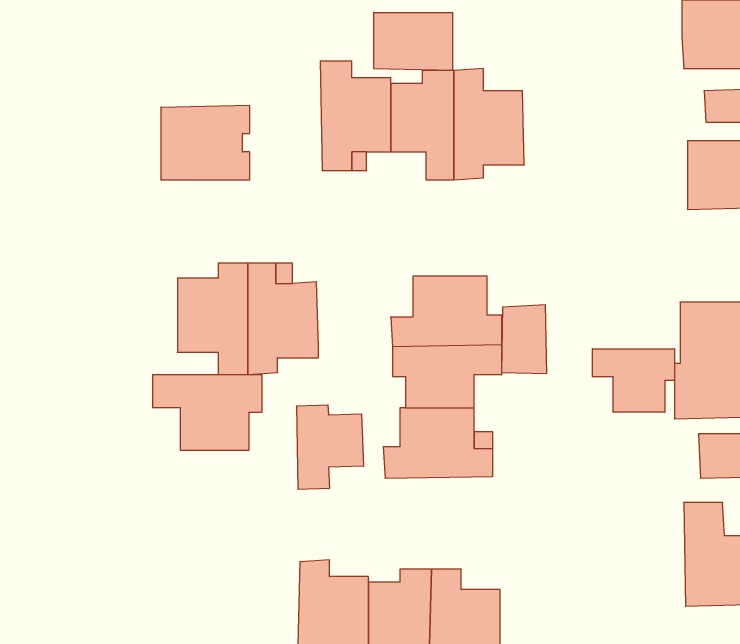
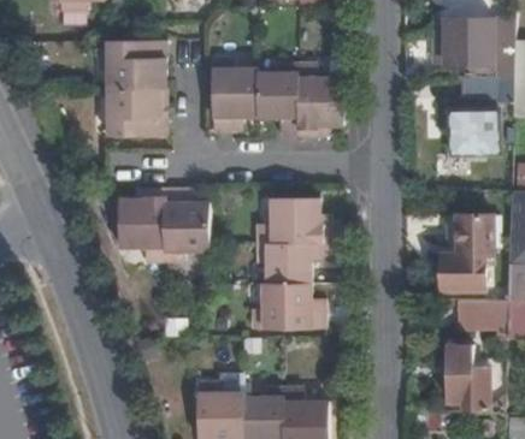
building: [374,12,453,70] -> none
building: none -> [106,41,165,89]
building: [502,305,546,374] -> none
building: [592,349,674,412] -> none
building: [153,374,262,450] -> none
building: [297,405,364,489] -> none

